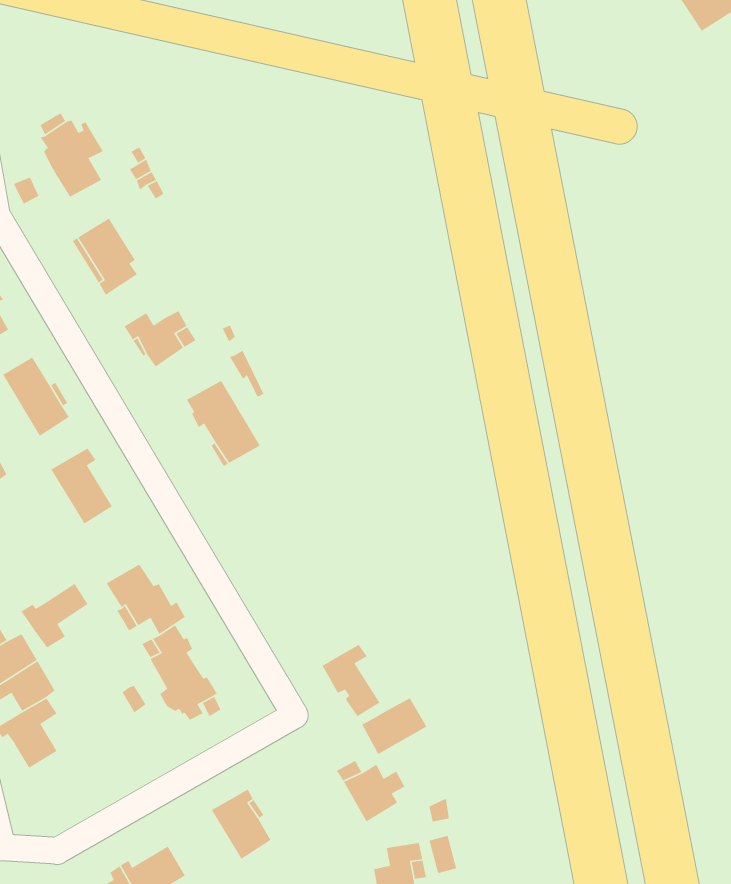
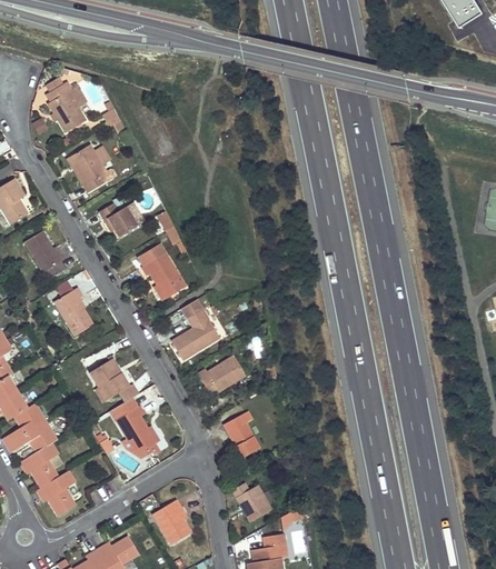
building: none -> [171,300,218,359]
building: none -> [197,356,244,392]
building: [21,583,89,648] -> none
building: [361,697,427,755] -> none
building: none -> [36,471,75,515]

